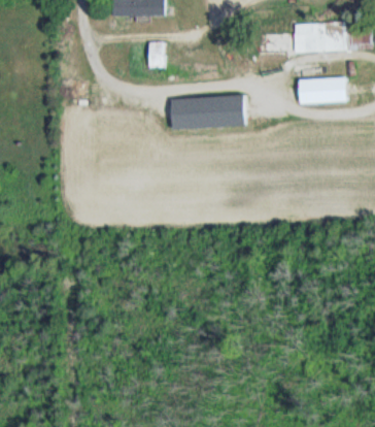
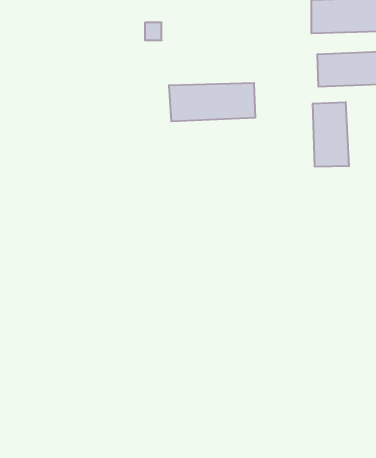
building: none -> [313,102,349,167]

